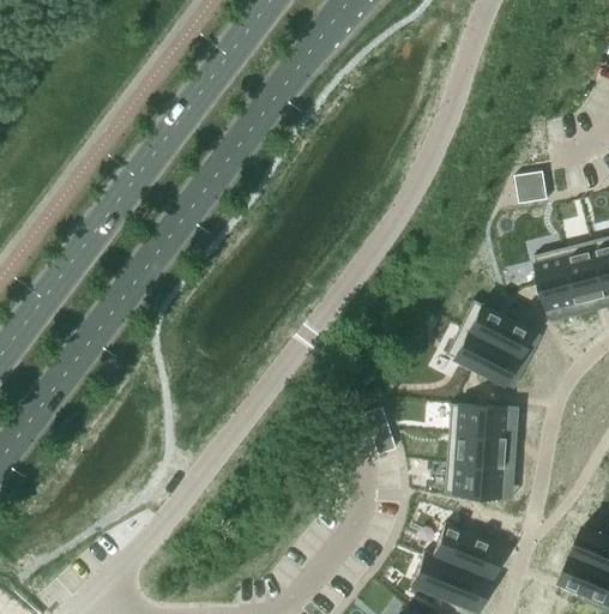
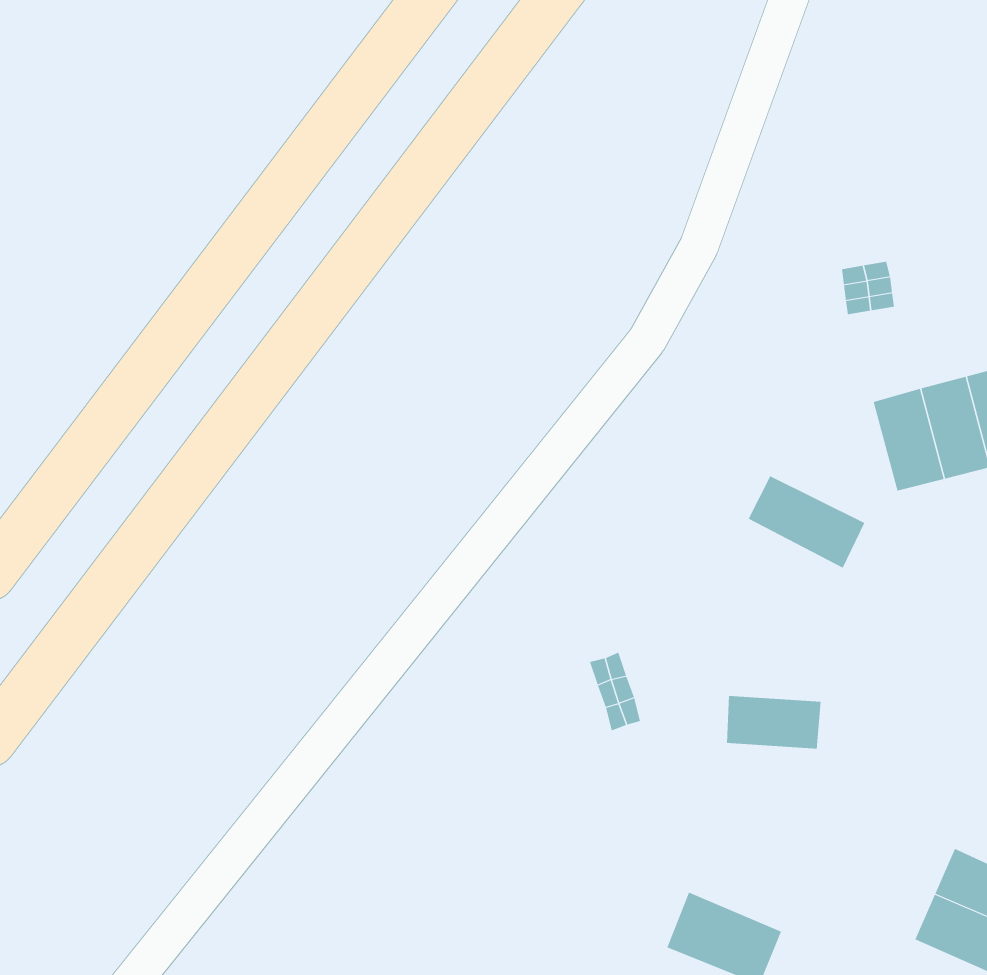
building: [450,330,521,386] -> none
building: [452,407,511,440] -> none
building: [448,465,506,499] -> none
building: [428,525,499,579] -> none

